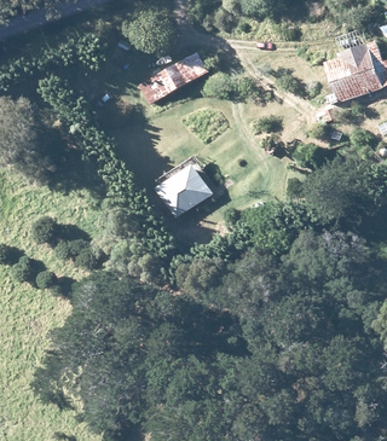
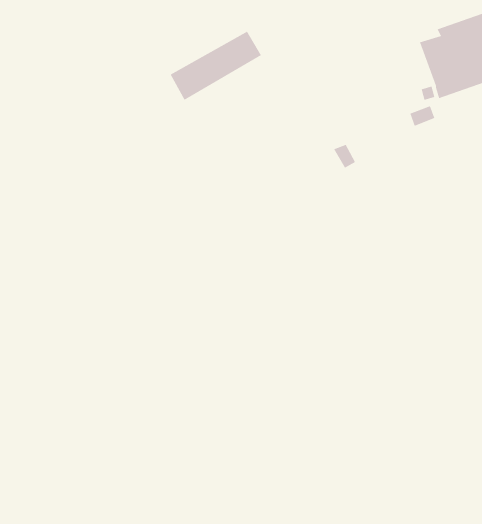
building: [156,163,212,217] -> none

